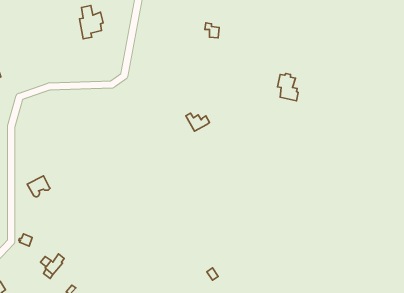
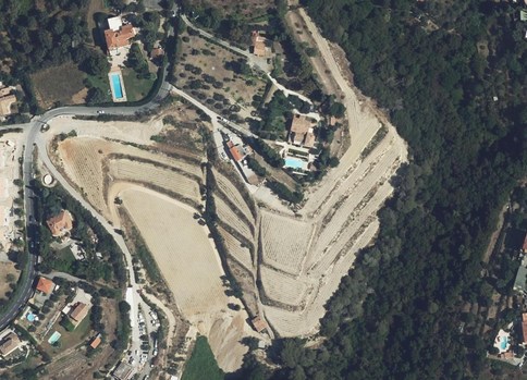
building: [277,73,298,101] -> [291,117,315,148]

